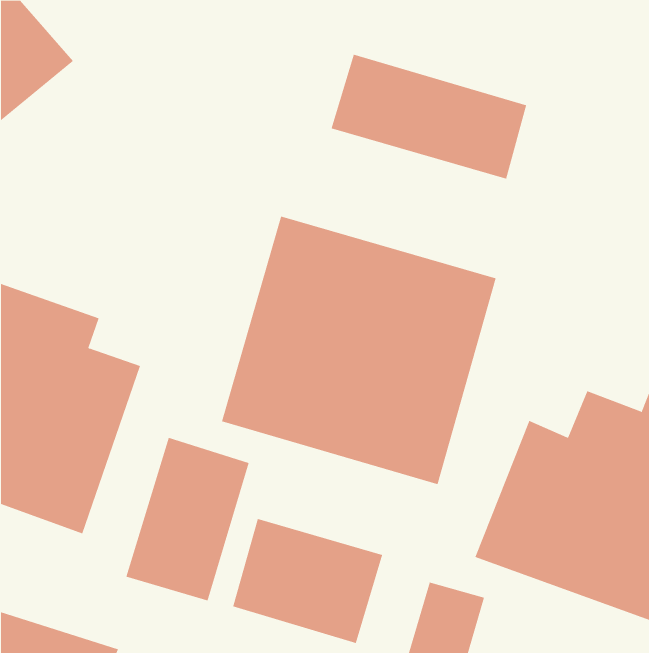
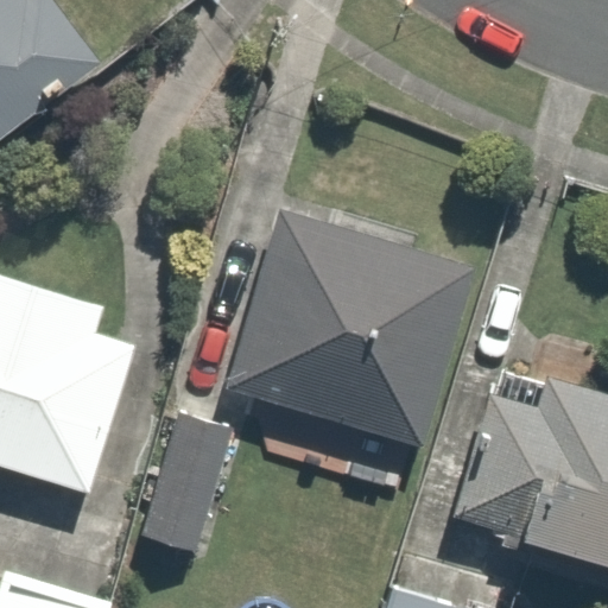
building: [331,54,527,180] -> none
building: [233,518,383,644] -> none

